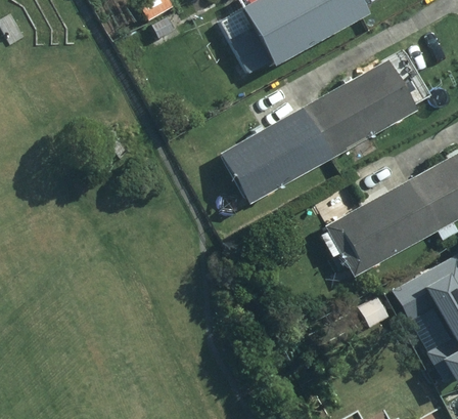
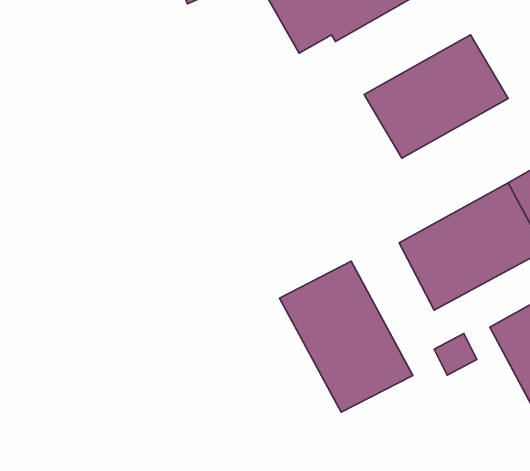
building: [218,108,330,206] -> none
building: none -> [279,261,413,412]

